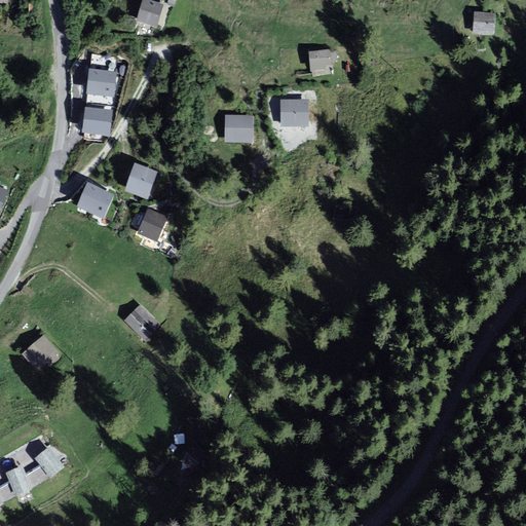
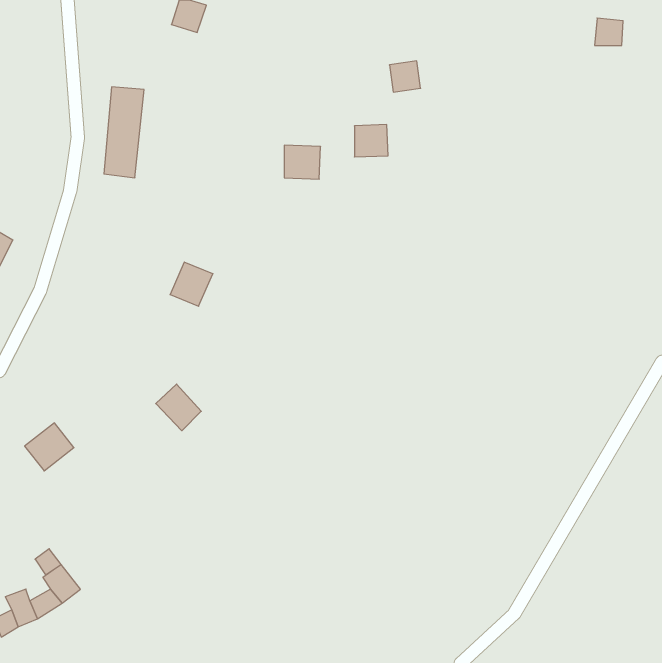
building: [125,163,156,198] -> none
building: [73,181,114,219] -> none

